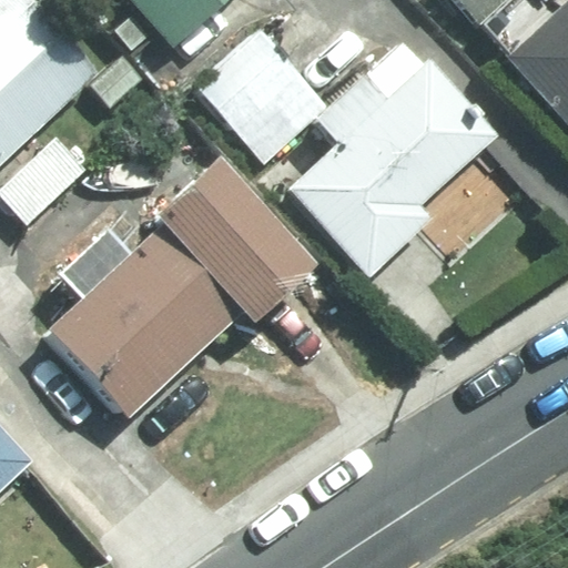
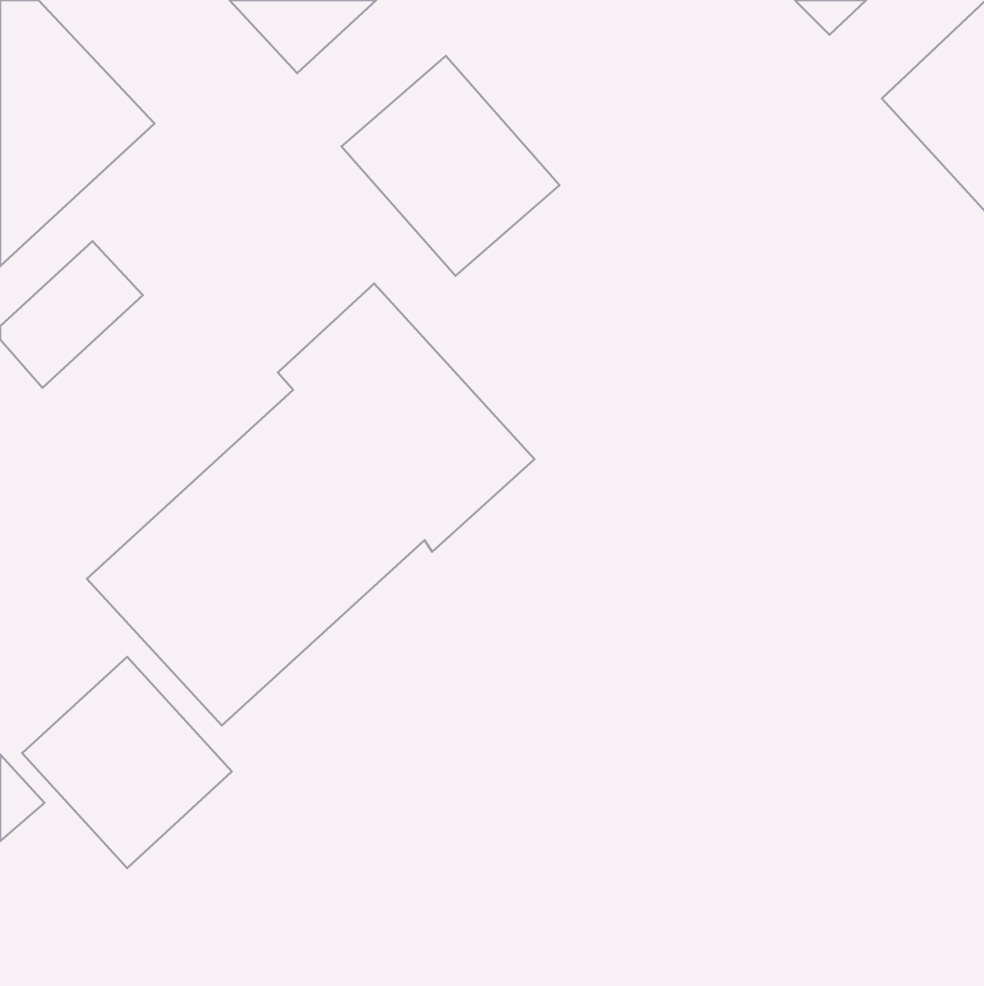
building: [287,60,495,272] -> none
building: none -> [22,657,232,868]

